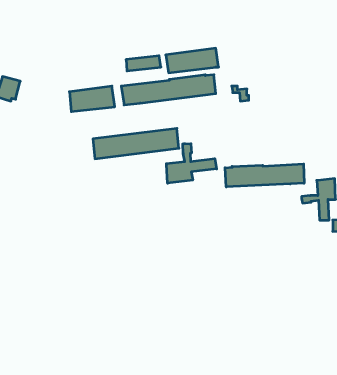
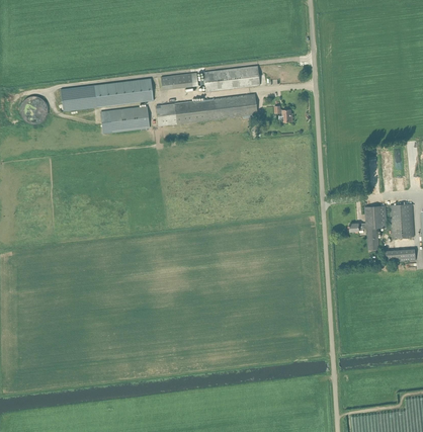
building: [93,128,179,159] -> [61,78,153,110]
building: [166,144,217,183] -> none
building: [225,164,304,187] -> none

